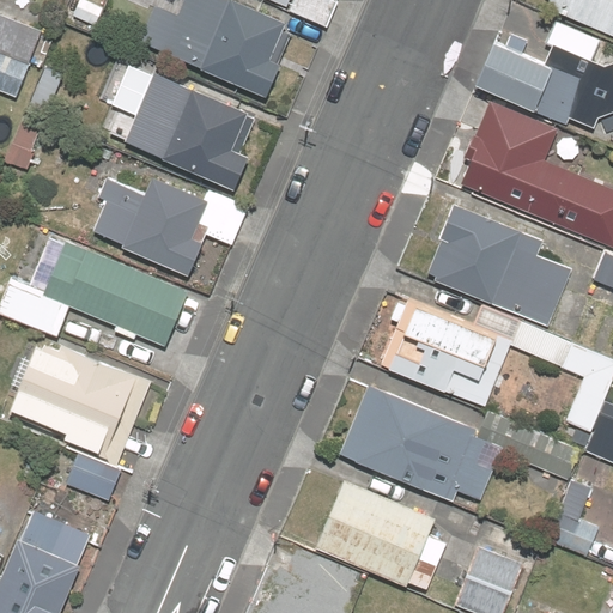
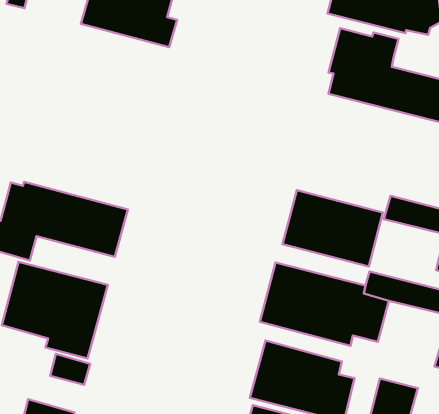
building: [126,77,256,192] -> none
building: [97,180,213,279] -> none
building: [425,201,572,326] -> none

